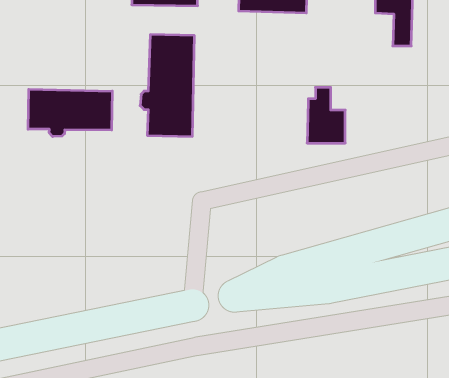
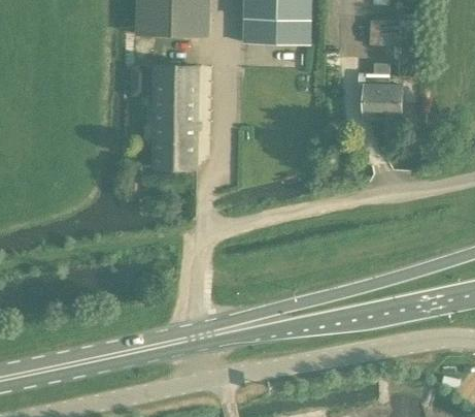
building: [307,87,345,143] -> [366,63,404,119]
building: [28,89,112,137] -> none

